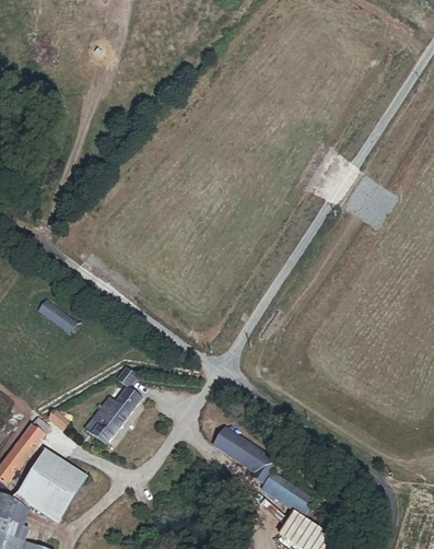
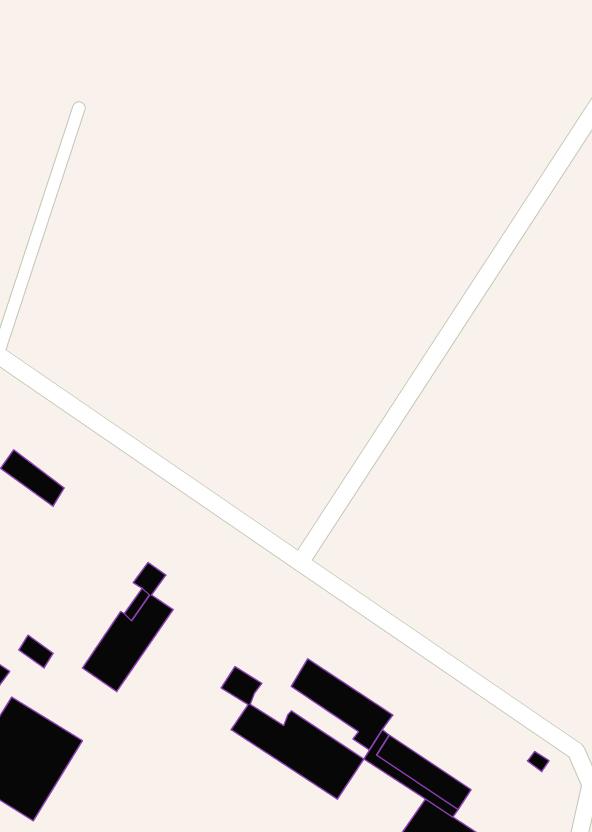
building: none -> [221,667,364,799]

